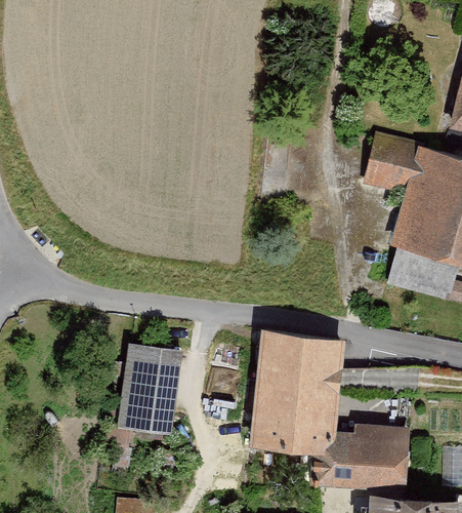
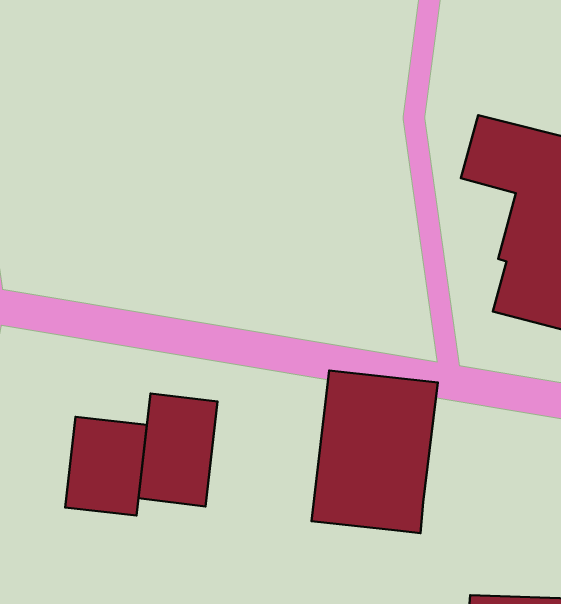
building: none -> [65,417,147,516]
building: [311,422,413,491] -> none

